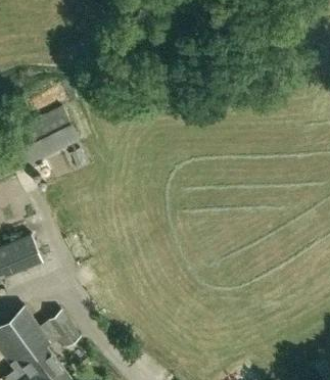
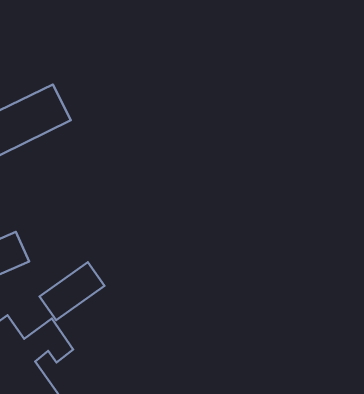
building: none -> [39,262,105,320]

